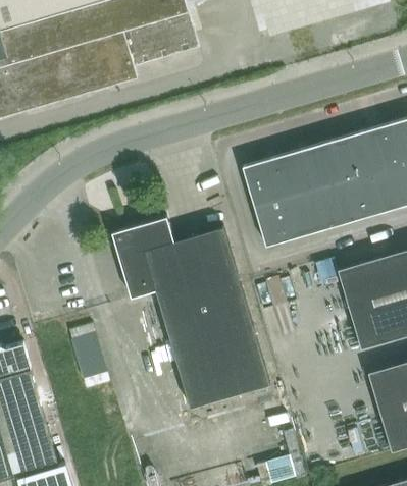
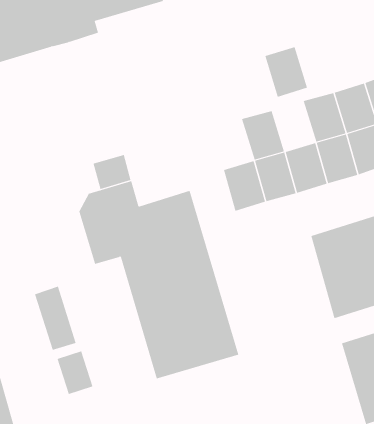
building: [301,142,343,191] -> [264,46,308,97]
building: [242,159,284,208] -> none
building: none -> [93,154,131,190]
building: none -> [57,351,93,395]

